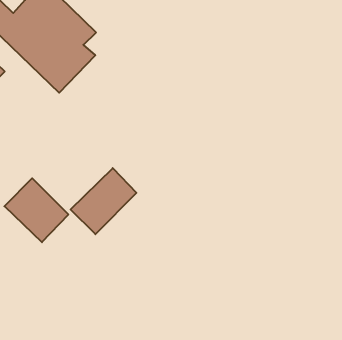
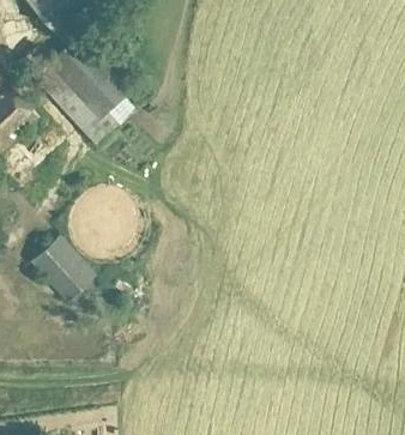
building: [71,168,136,234] -> none

